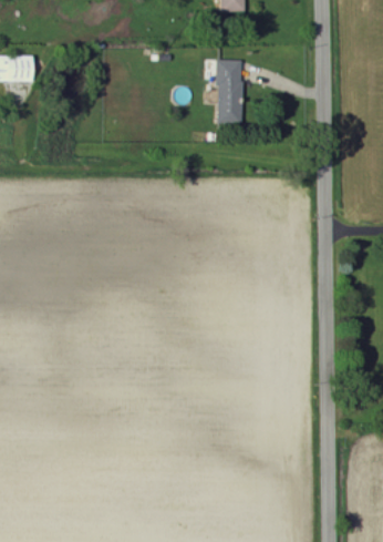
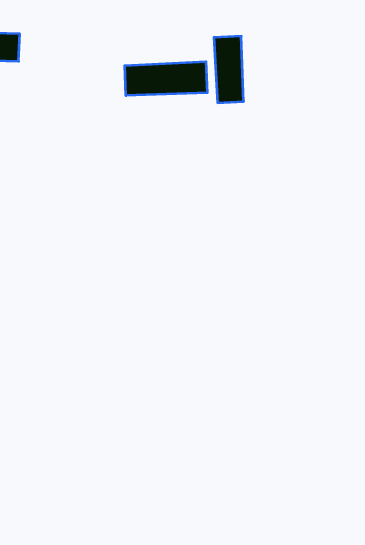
building: none -> [125,62,207,96]

